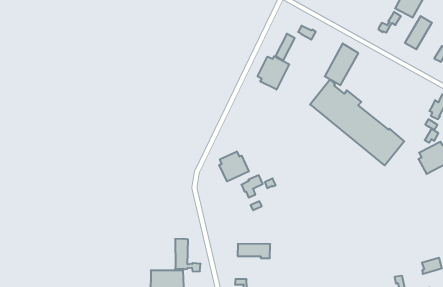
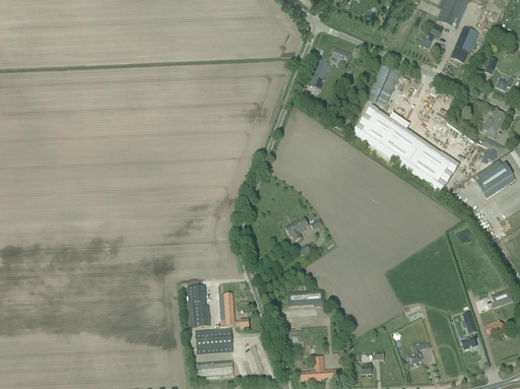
building: [258,56,289,90] -> none
building: [219,151,249,181] -> none
building: none -> [187,284,211,326]

